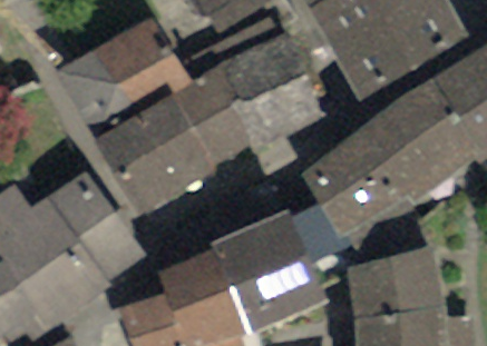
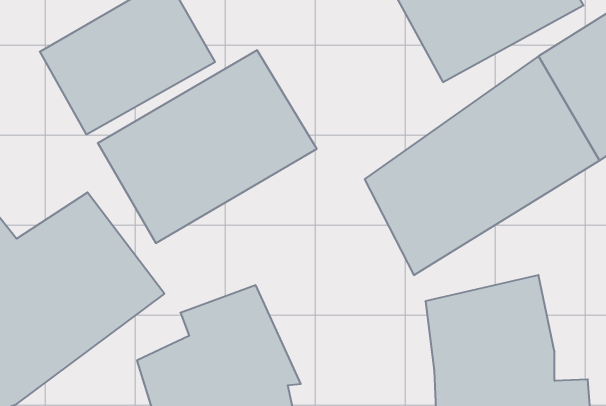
building: [215,34,322,144] -> none
building: [208,200,328,324] -> none

